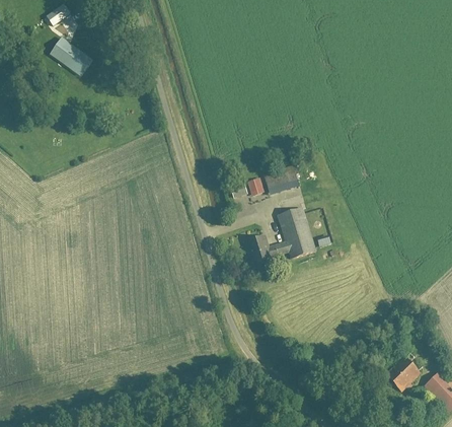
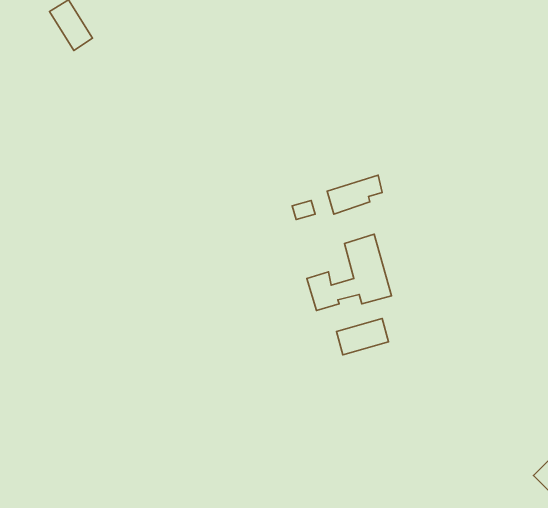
building: none -> [337,318,388,355]
building: [386,358,421,393] -> none

